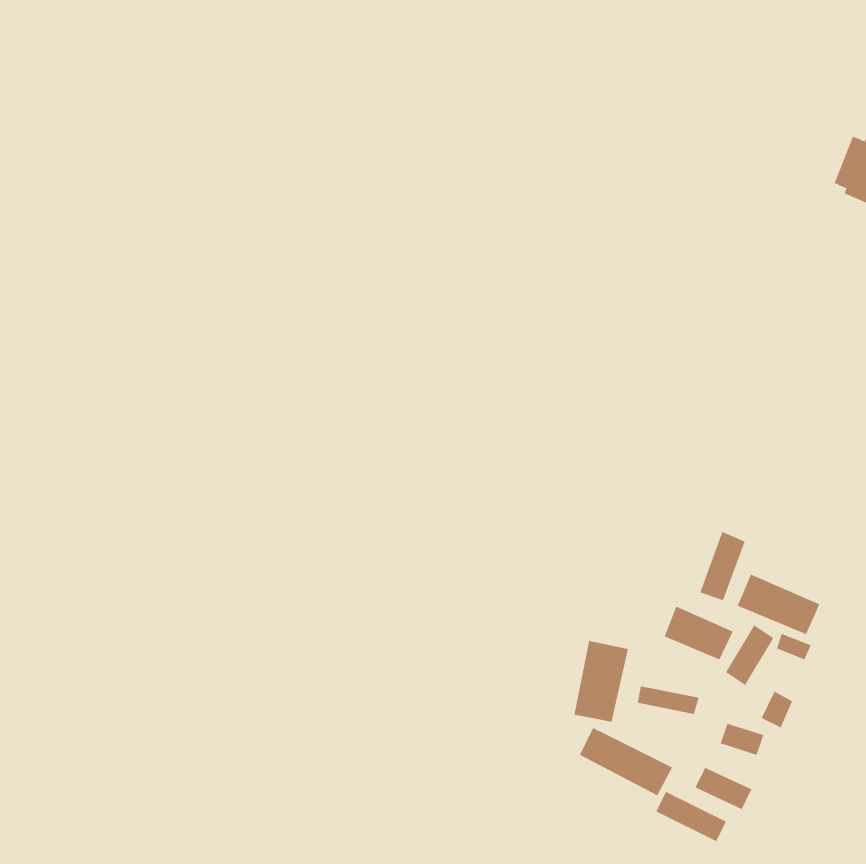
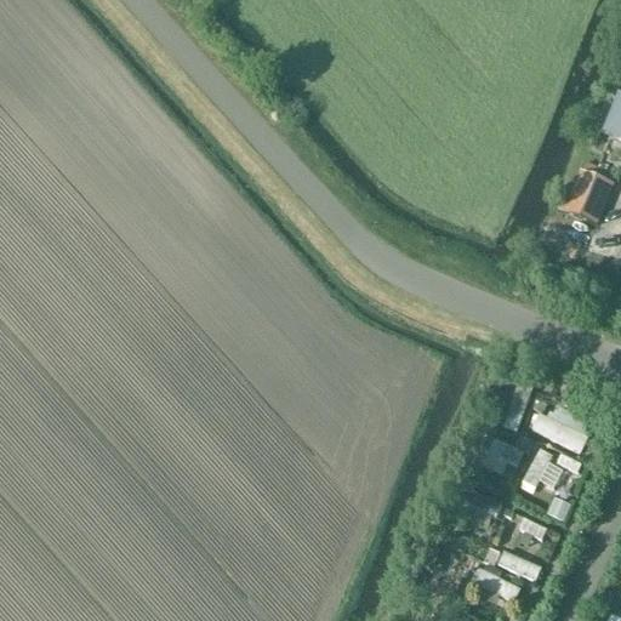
building: none -> [568,175,615,227]
building: [574,640,629,722] -> none
building: [579,727,673,796] -> none

